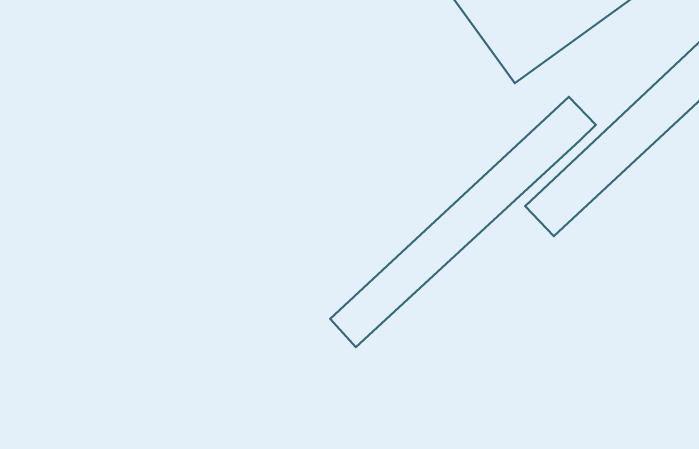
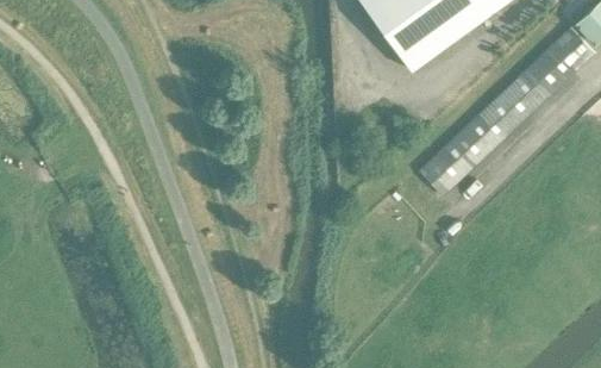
building: [330,97,596,347] -> none

